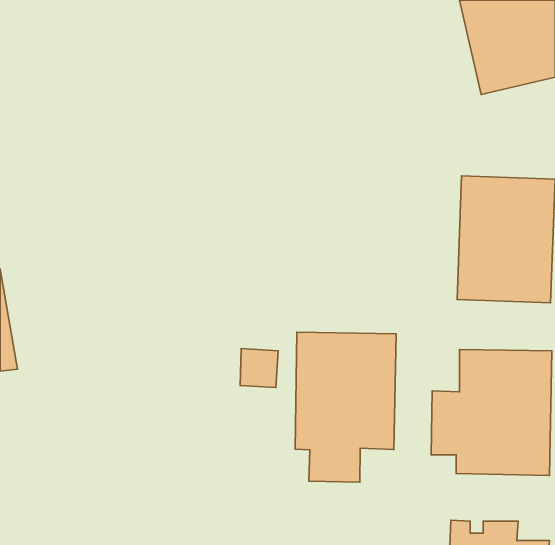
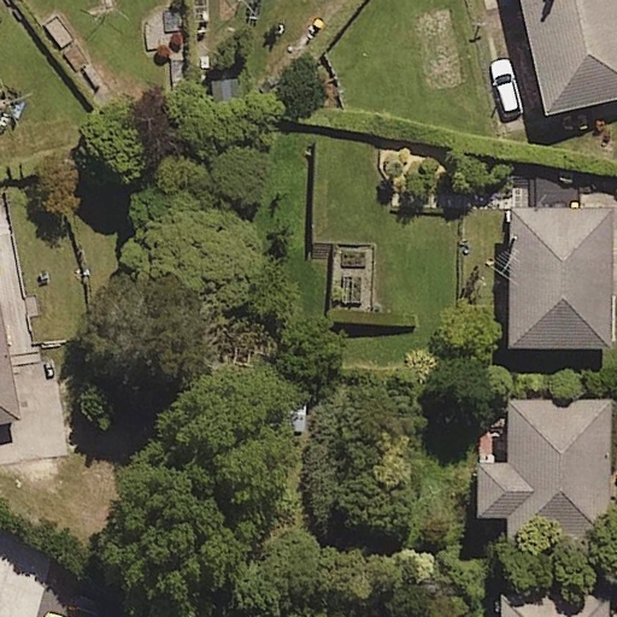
building: [295,332,396,482] -> none

